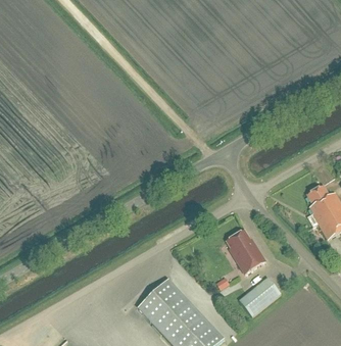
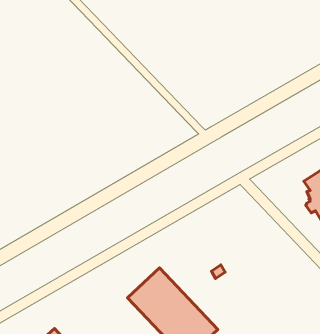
building: [226,230,265,274] -> none
building: [239,277,280,315] -> none

